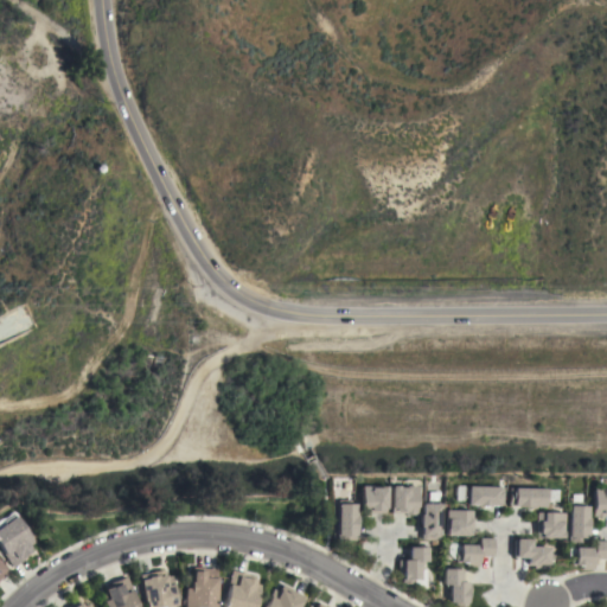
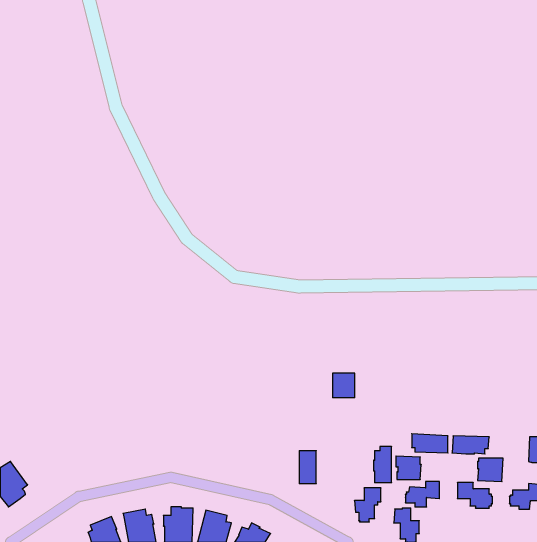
building: [394,485,420,515] -> none
building: [364,486,389,513] -> [333,373,355,398]
building: [573,501,593,543] -> none

